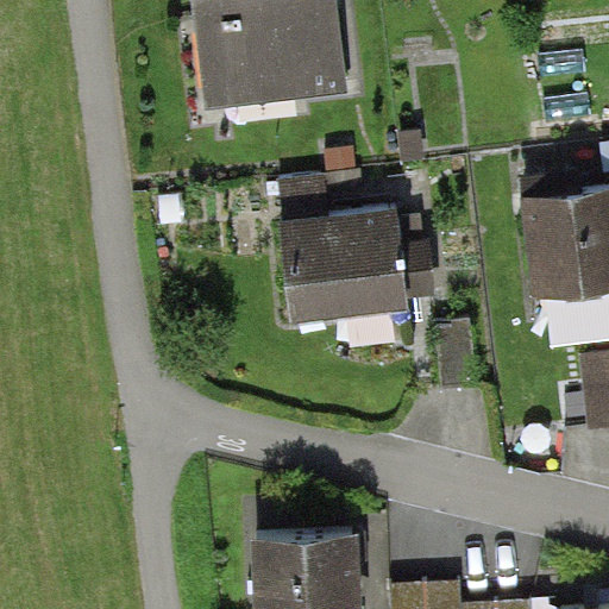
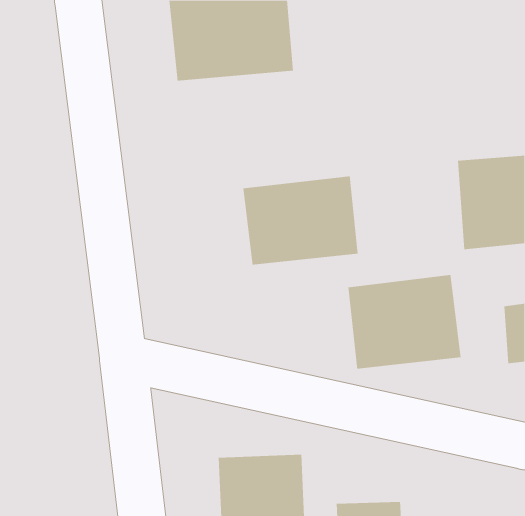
building: none -> [348,274,461,370]

